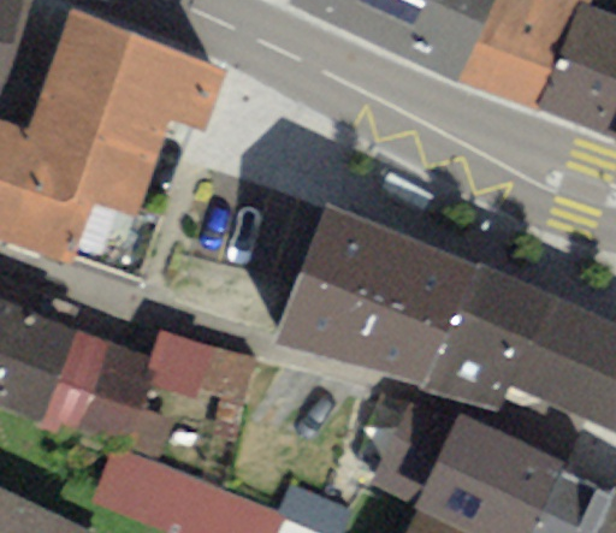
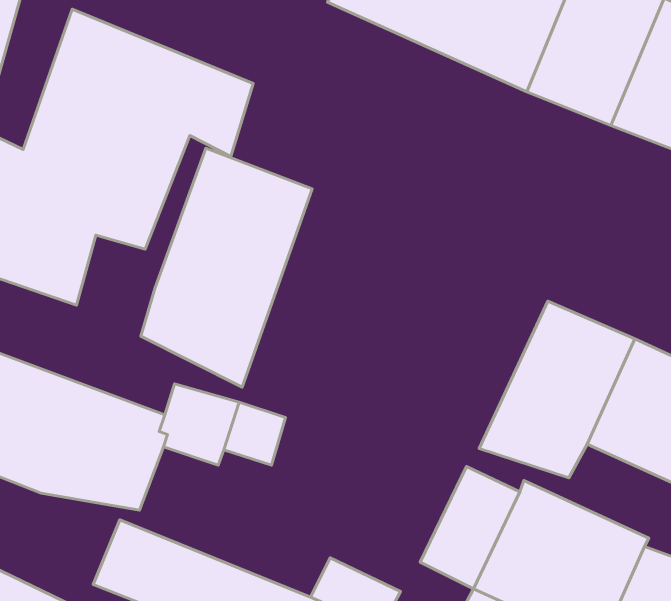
building: none -> [141,148,312,387]
building: [273,203,479,386] -> none

